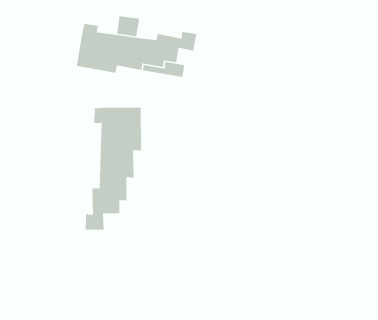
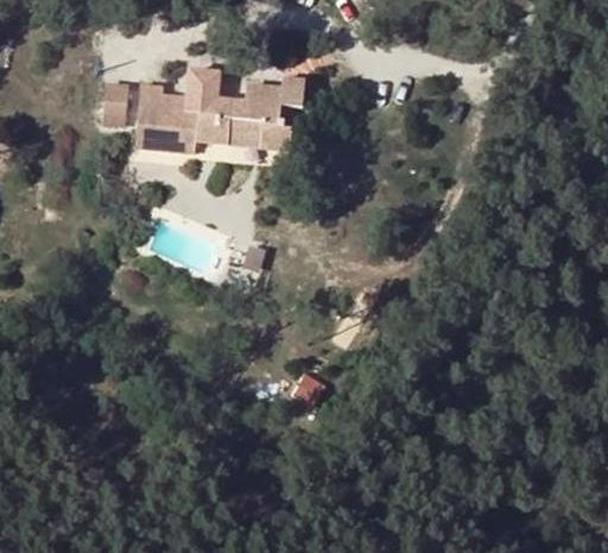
building: none -> [103,81,141,119]
building: [85,107,142,231] -> none

